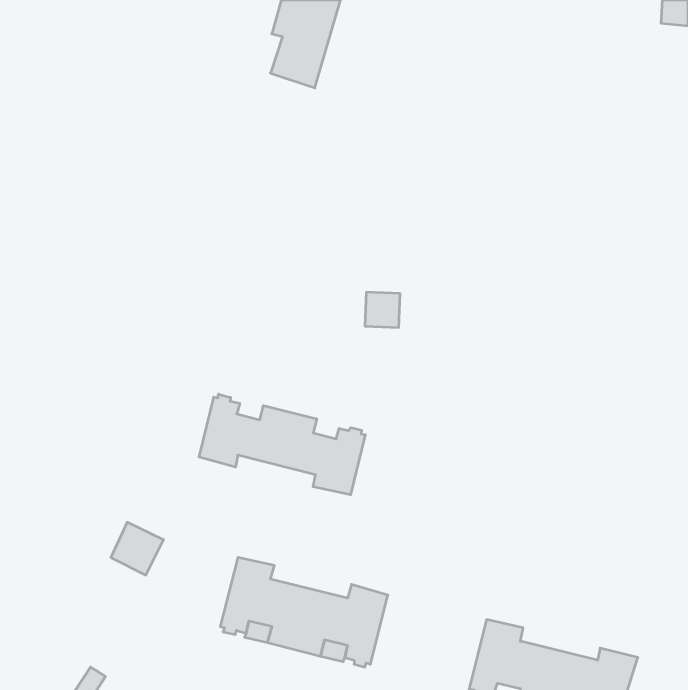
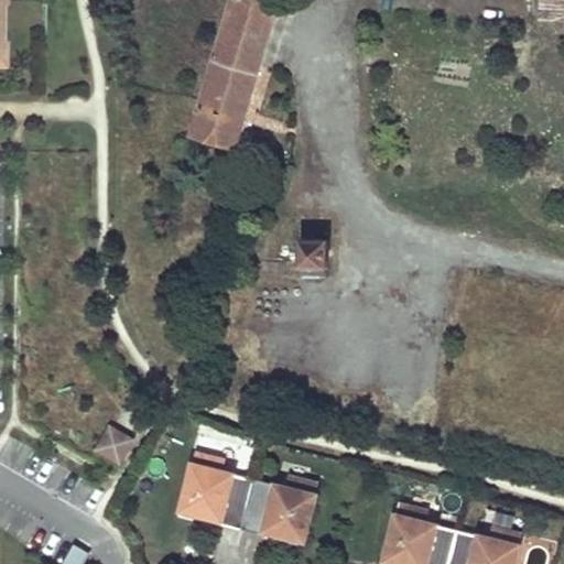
building: none -> [188,29,257,152]
building: [199,394,365,495] -> none

